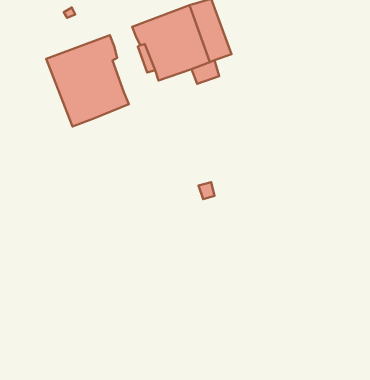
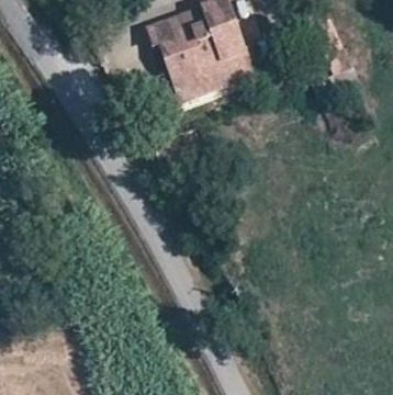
building: [46,35,129,126] -> none

